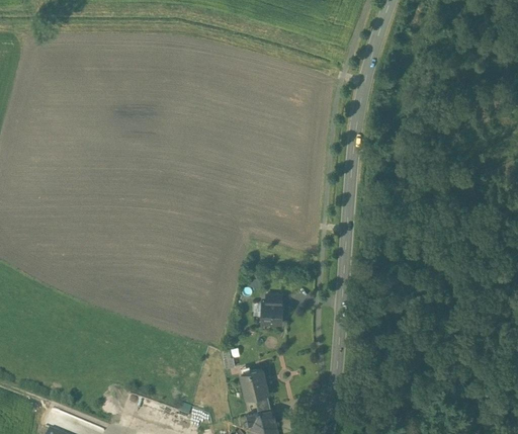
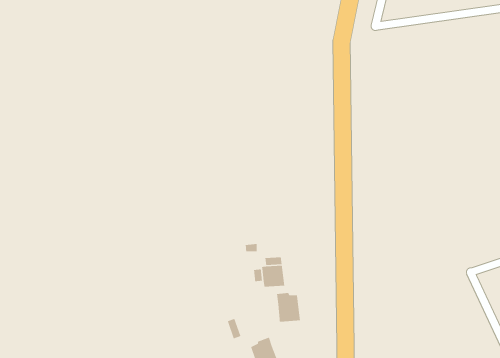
building: none -> [276,290,301,323]

